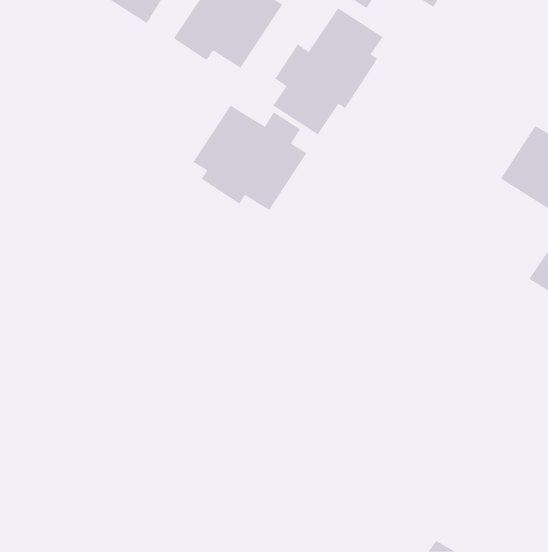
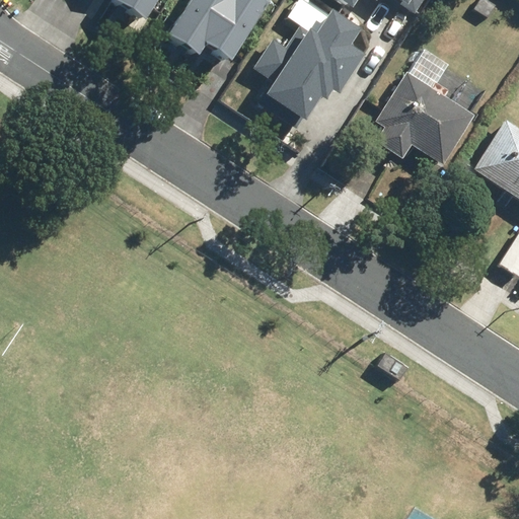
building: none -> [375,46,486,162]
building: [192,105,307,211] -> none

